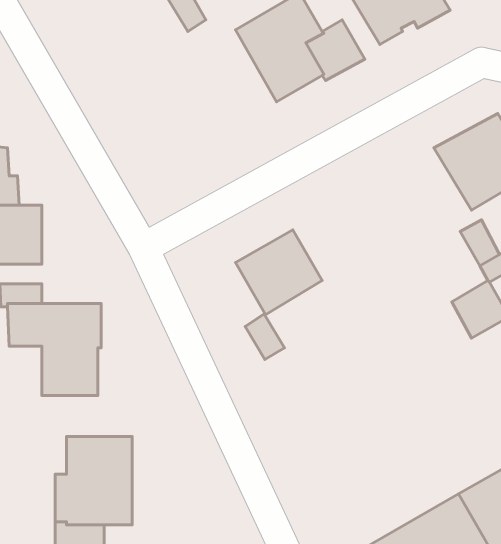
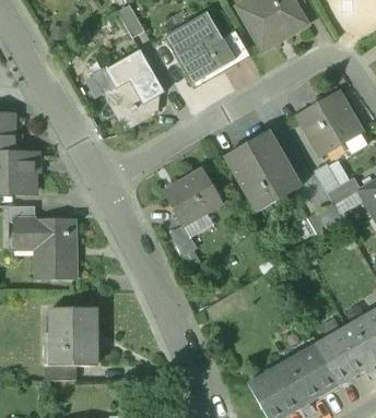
building: none -> [94,49,165,129]
building: none -> [225,131,302,212]

